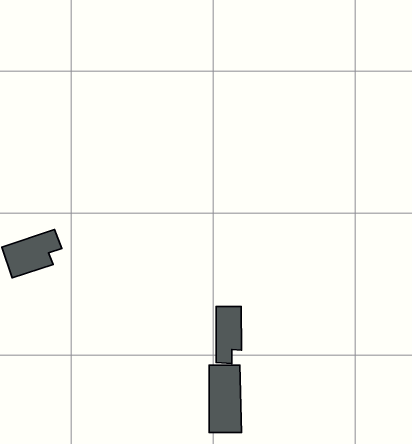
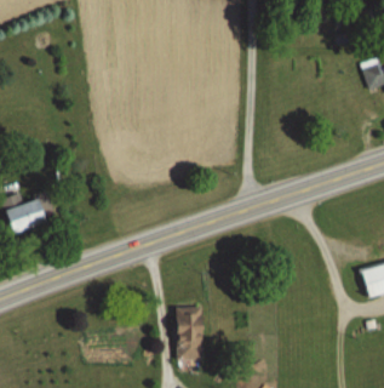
building: [216,307,241,364] -> none

